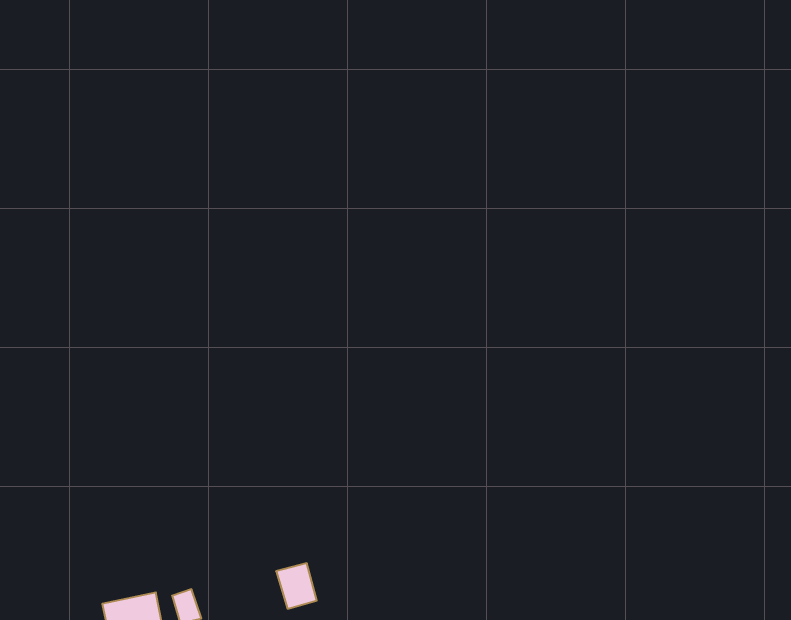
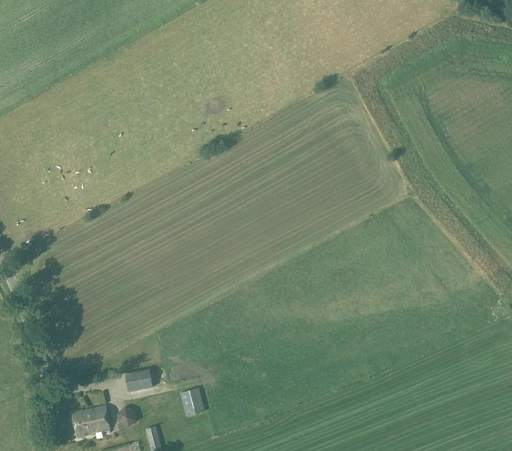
building: none -> [125,369,152,391]

